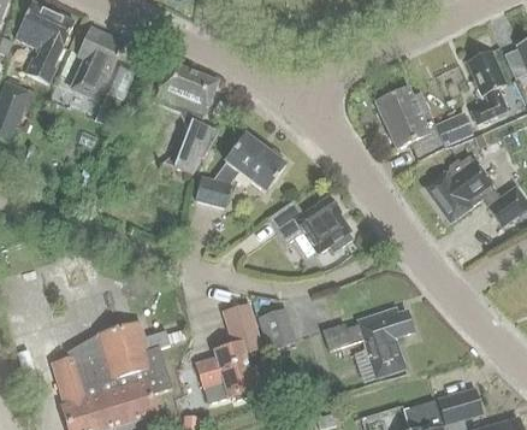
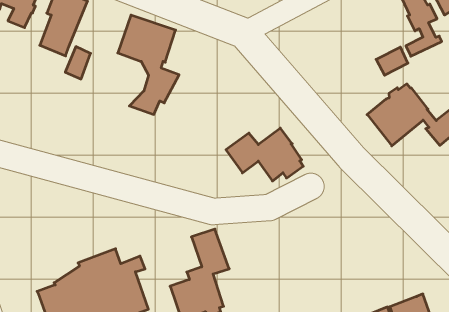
building: [377,88,443,157] -> none
building: [196,134,285,205] -> none
building: [324,306,414,377] -> none
building: [260,310,291,348] -> none

